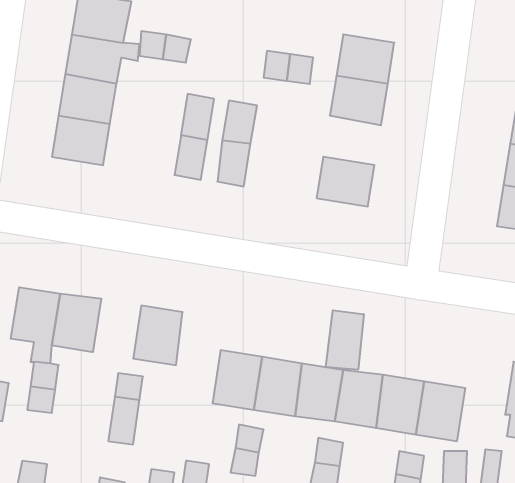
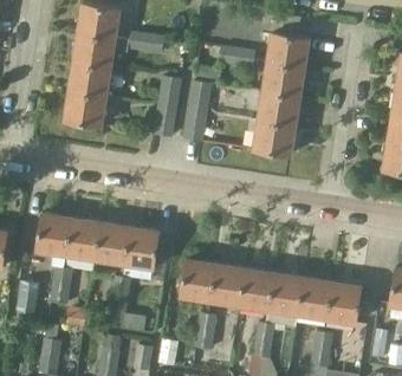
building: none -> [259,91,300,127]
building: none -> [95,222,129,265]
building: [326,310,364,370] -> none

